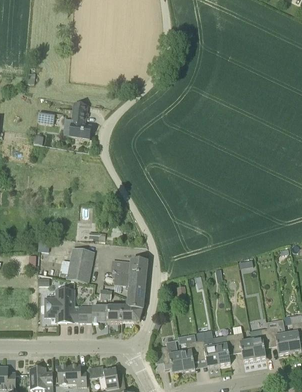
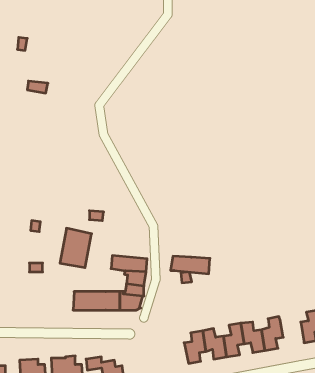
building: [69,102,91,138] -> none
building: [111,258,147,274] -> [171,256,210,274]
building: [48,289,78,321] -> none
building: [268,328,290,354] -> none
building: [161,338,184,372] -> none

